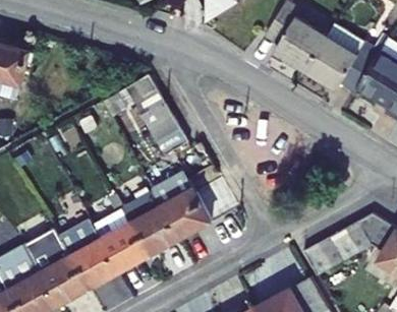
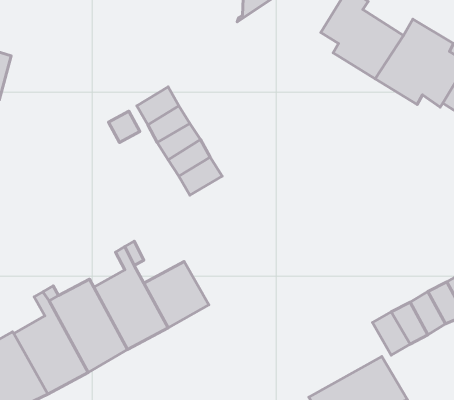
building: [151,162,224,239] -> none

